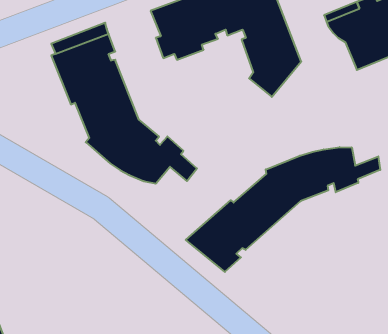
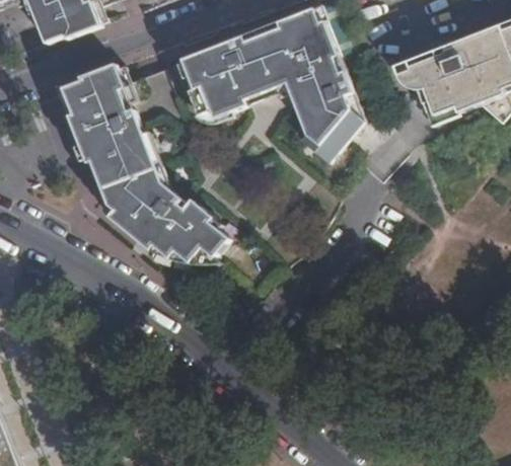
building: [186,147,380,272] -> none

